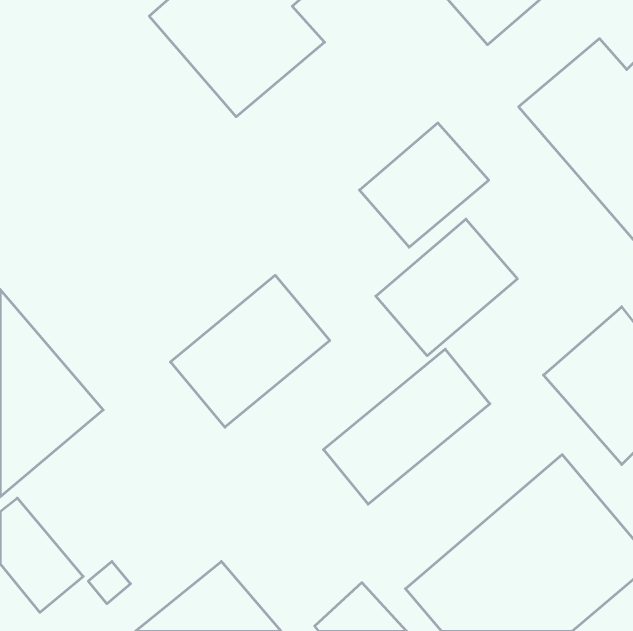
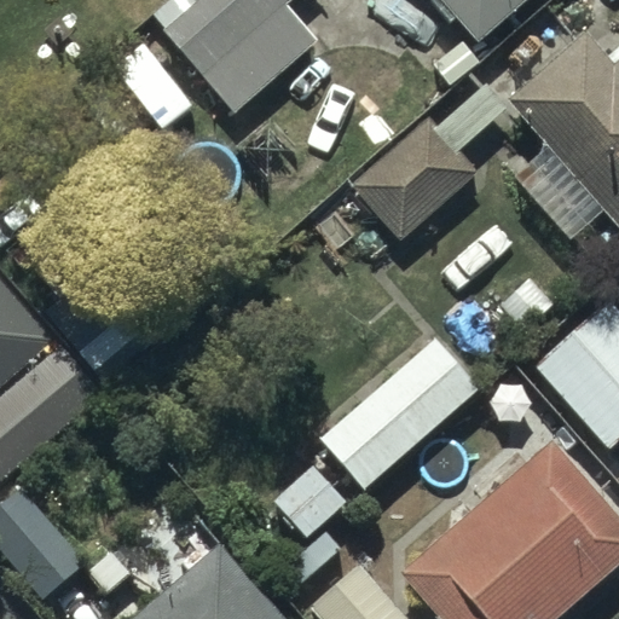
building: [376,219,517,356] -> none
building: [170,275,330,427] -> none

